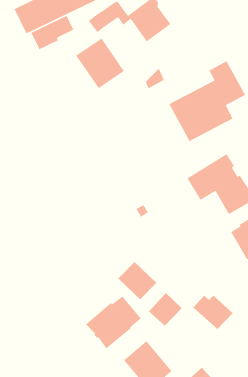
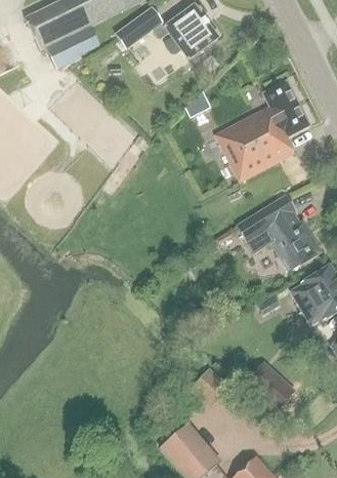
building: [75,38,125,89] -> none
building: [118,261,157,300] -> none
building: [85,295,142,349] -> none

